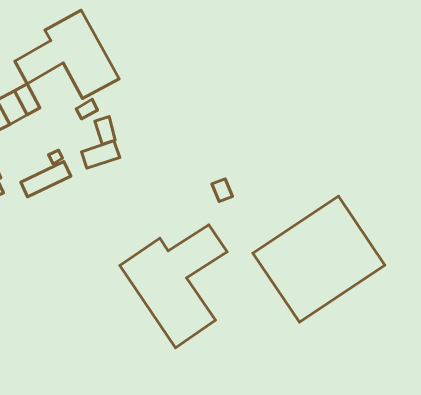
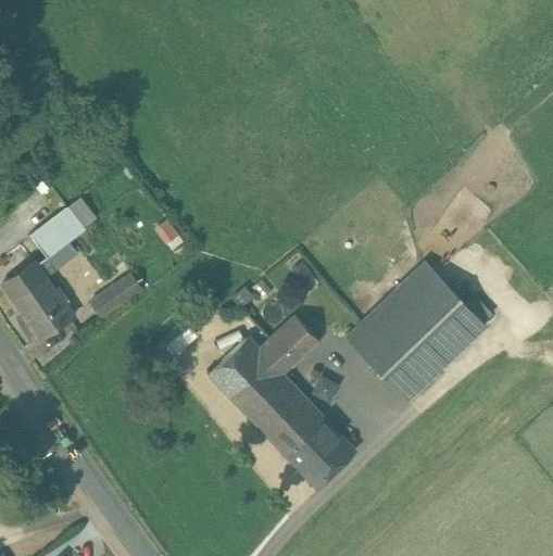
building: [15,10,119,99] -> none
building: [81,141,120,168] -> none
building: none -> [281,414,353,486]

